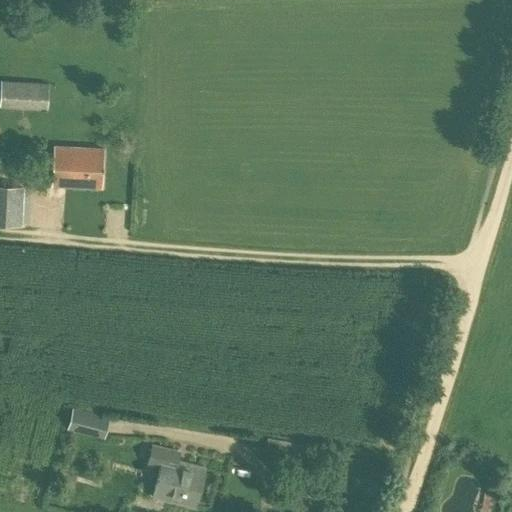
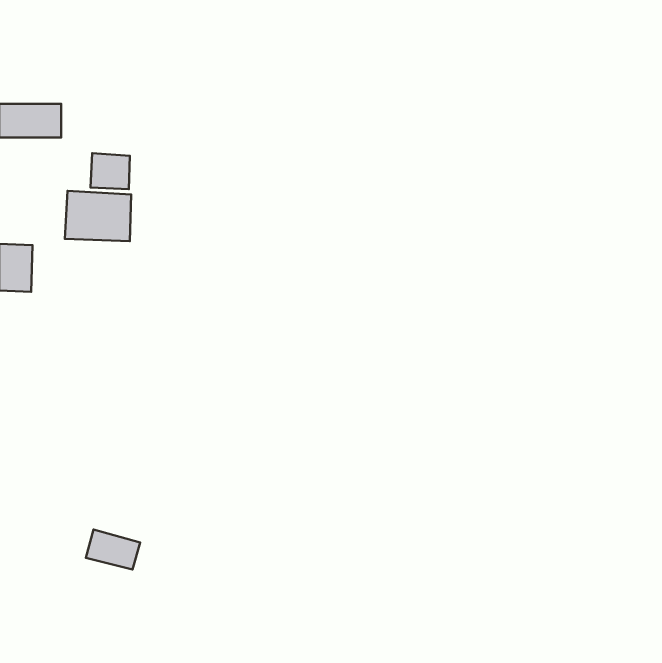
building: none -> [91,153,130,189]
building: [148,444,204,507] -> none

